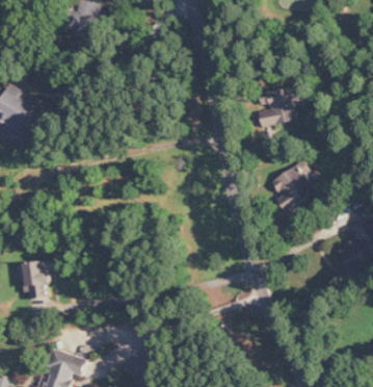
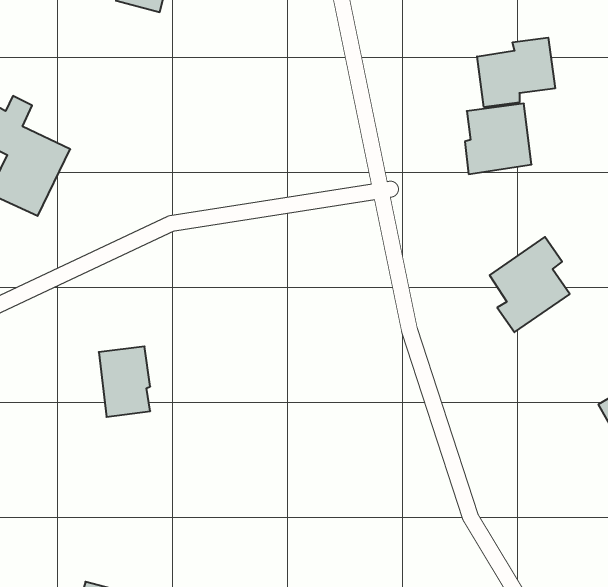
building: none -> [477,38,555,107]
building: [19,261,47,300] -> [99,346,150,417]

